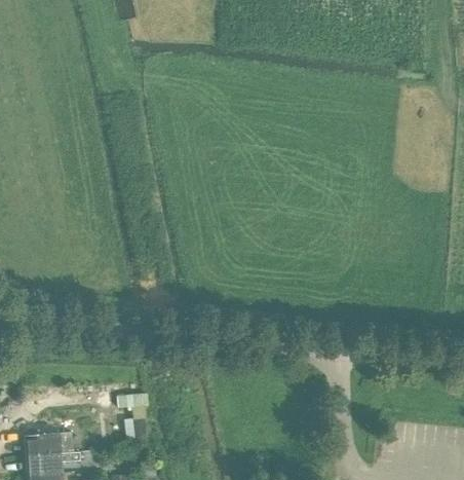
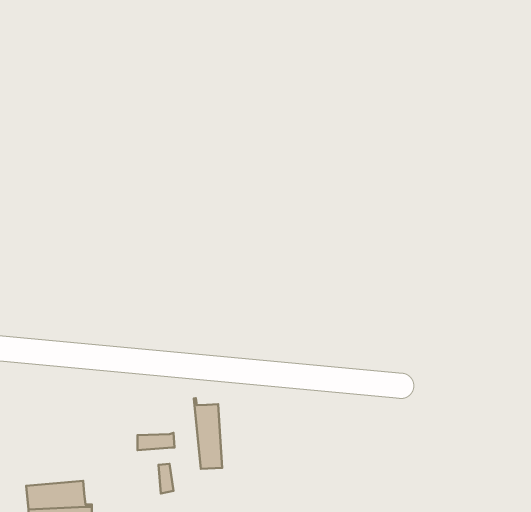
building: none -> [194,398,222,469]

